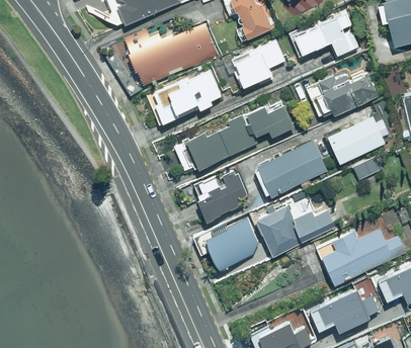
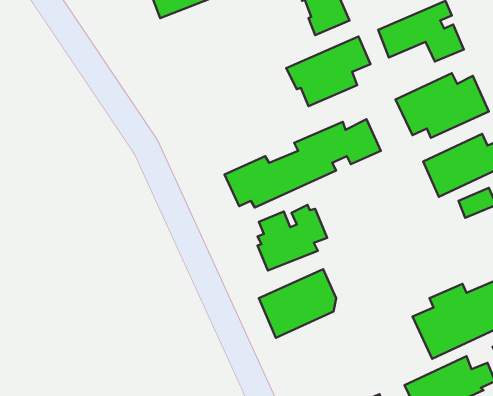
building: [125,24,217,86] -> none
building: [152,70,226,123] -> none
building: [255,140,328,197] -> none
building: [253,205,337,259] -> none

